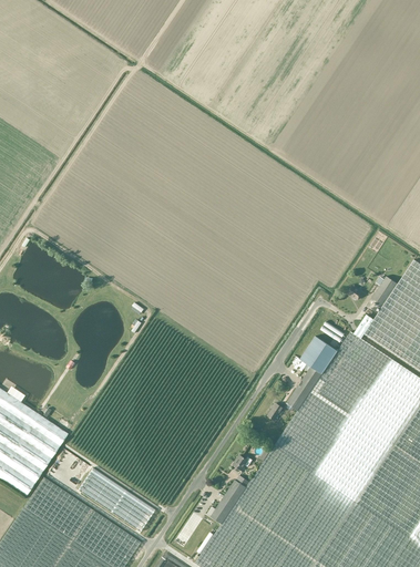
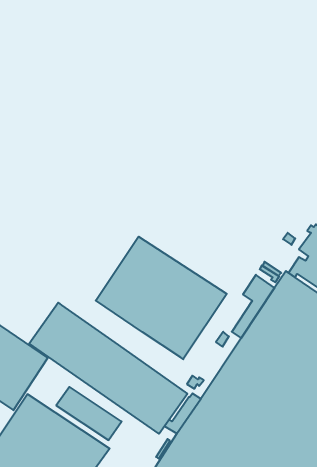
building: none -> [96,237,227,359]
building: none -> [29,303,187,434]

